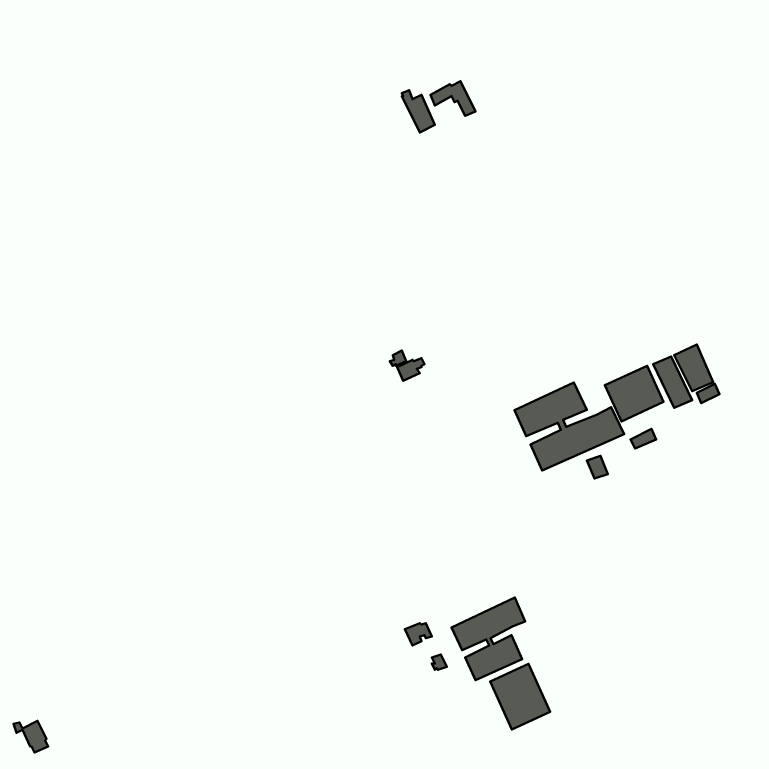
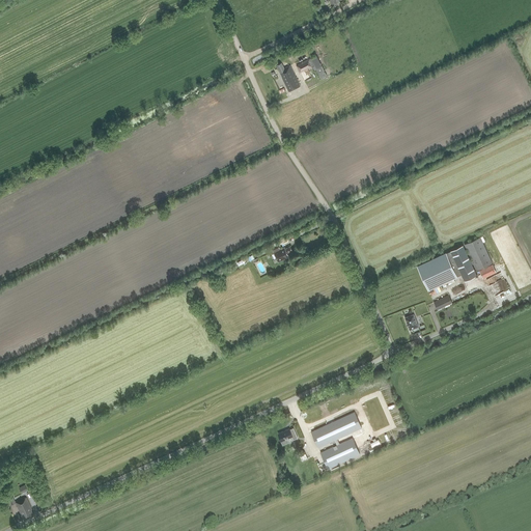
building: [515,383,624,470] -> none
building: [490,664,550,730] -> none

